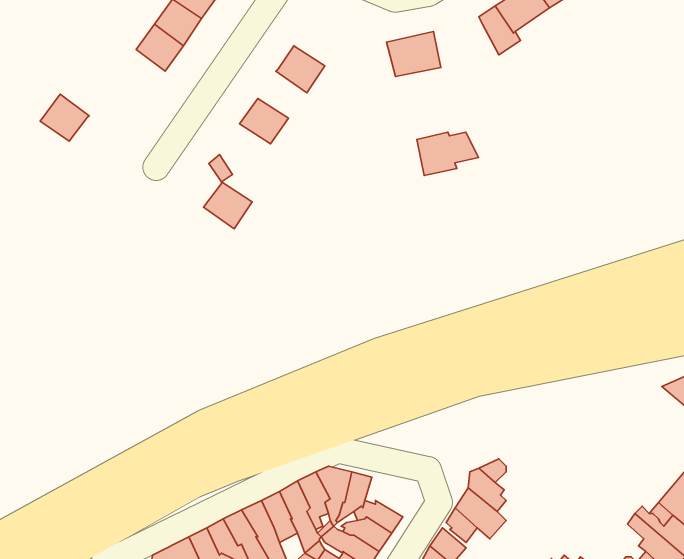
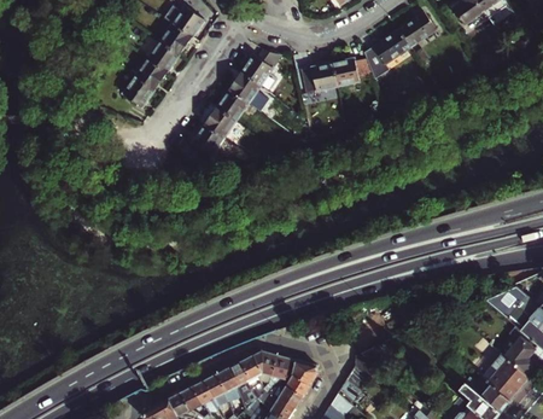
building: none -> [240,50,282,85]
building: none -> [216,88,249,120]
building: [40,94,89,141] -> [122,74,154,105]
building: [417,132,479,176] -> [333,57,374,86]
building: [203,182,252,229] -> [192,123,224,155]
building: none -> [287,359,320,385]

